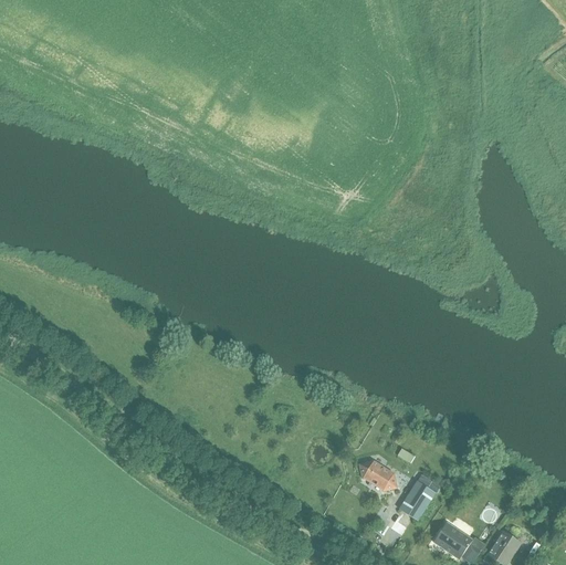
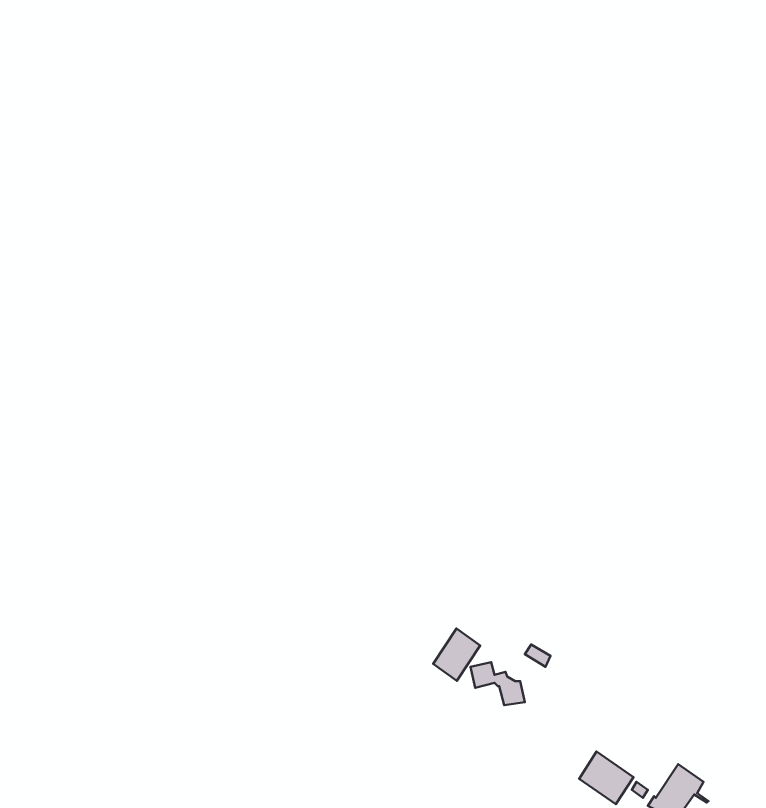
building: none -> [433,629,480,681]
building: [399,480,436,520] -> none

